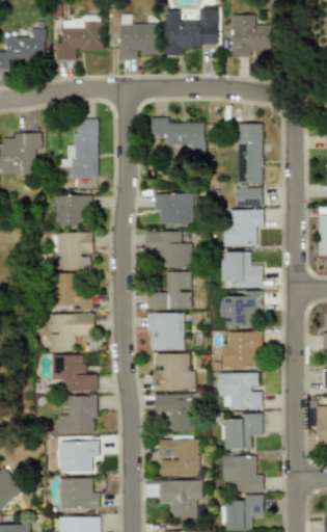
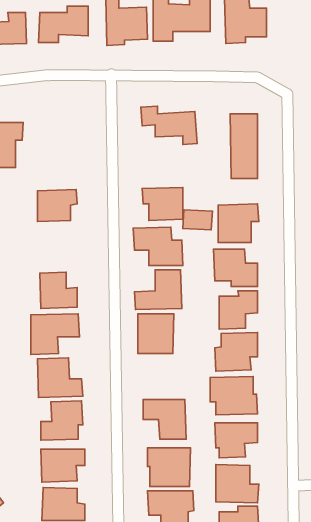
building: [61,118,98,177] -> none
building: [235,187,263,206] -> [183,210,212,230]
building: [58,232,92,269] -> none
building: [153,353,194,391] -> none

